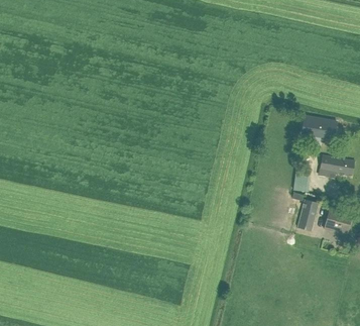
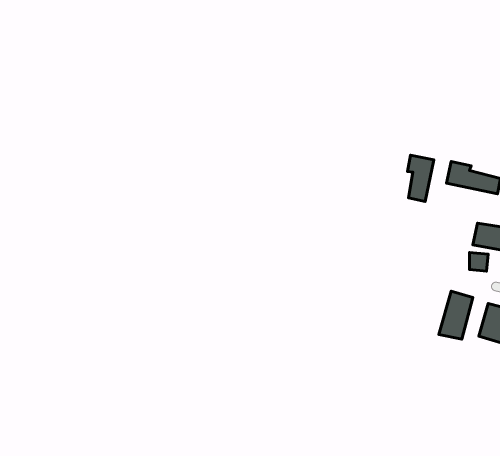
building: none -> [408,155,434,202]

